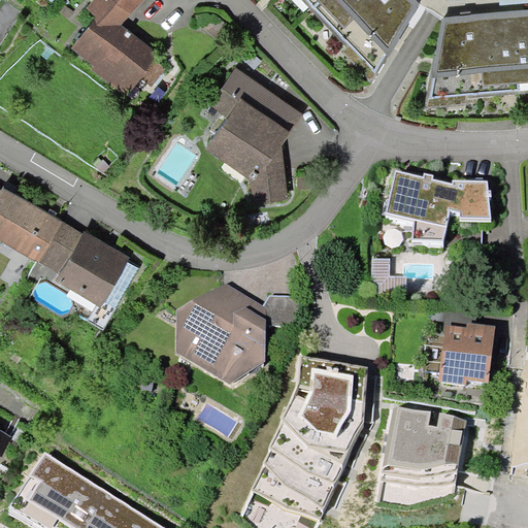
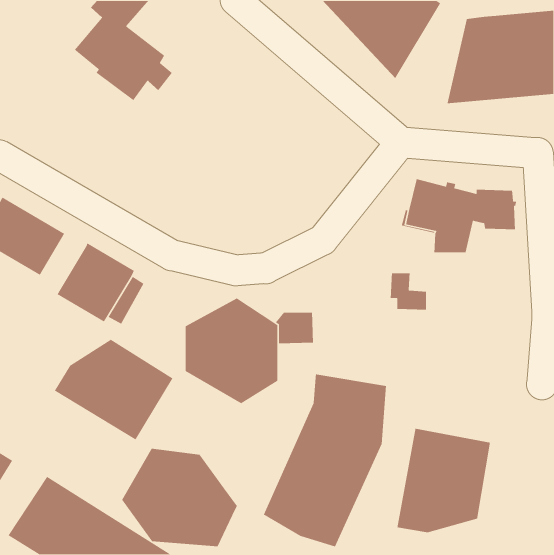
building: [205,67,302,205] -> none
building: [37,222,81,274] -> none
building: [438,321,495,385] -> none
building: none -> [54,339,174,440]
building: none -> [121,448,238,547]

